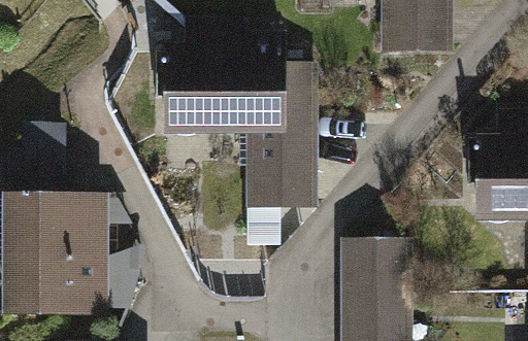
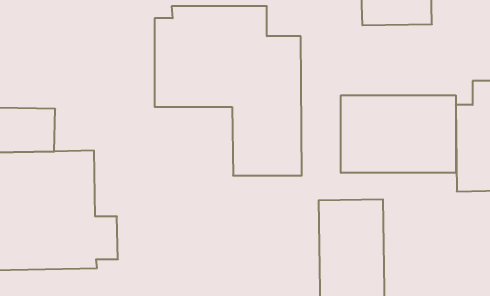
building: none -> [341,95,456,173]

